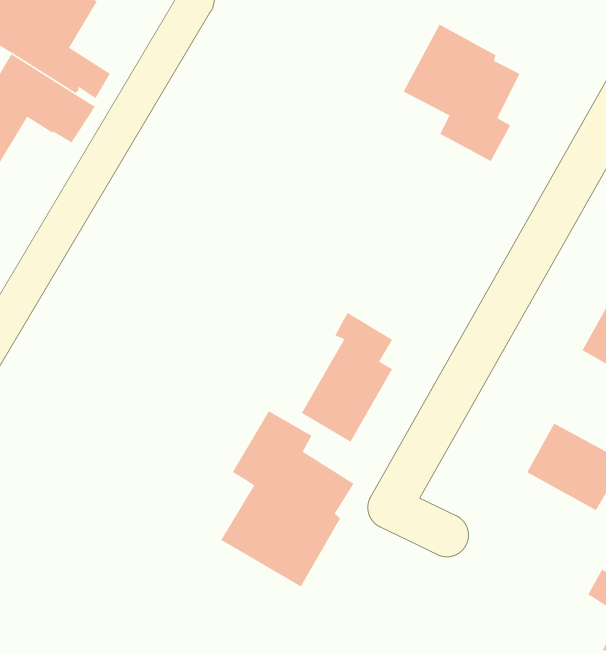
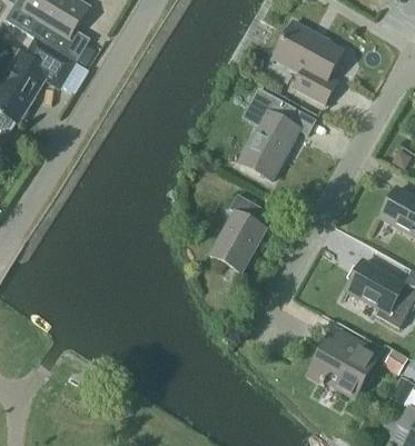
building: none -> [238,87,317,179]
building: [220,410,355,587] -> none
building: none -> [307,334,379,394]

